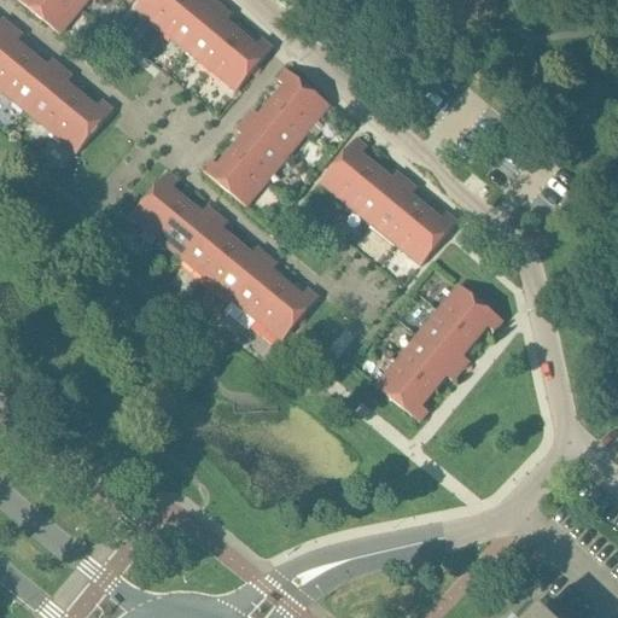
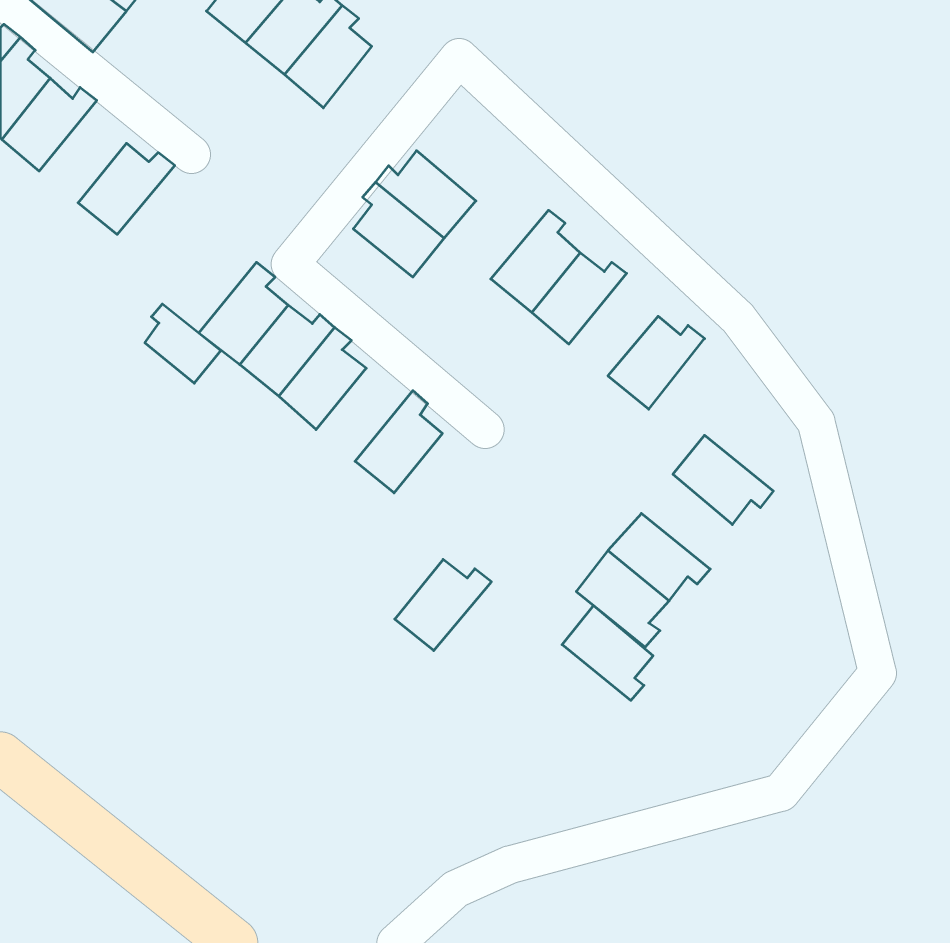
building: [210,30,273,91] -> none
building: [25,65,82,132] -> none
building: [270,68,331,130] -> none
building: [203,148,268,205] -> none
building: [369,177,427,244] -> none
building: none -> [145,304,221,383]
building: [205,239,268,299] -> none
building: [256,281,319,340] -> [395,559,491,651]
building: [416,308,476,369] -> [562,606,653,700]

